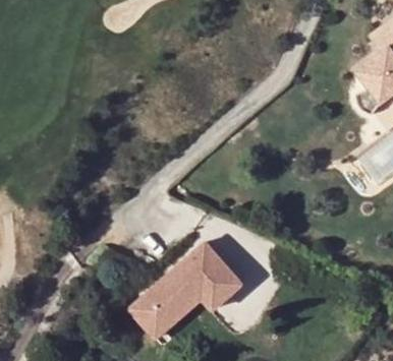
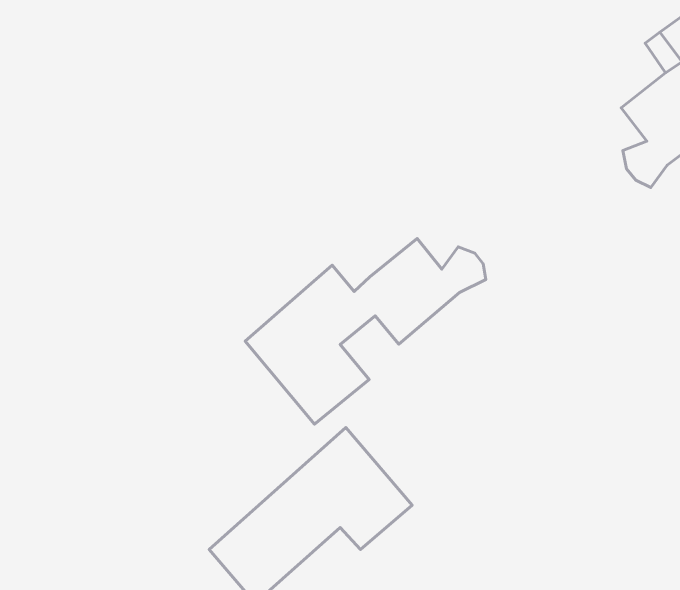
building: none -> [245,239,486,424]

